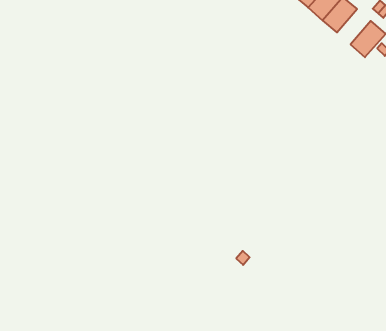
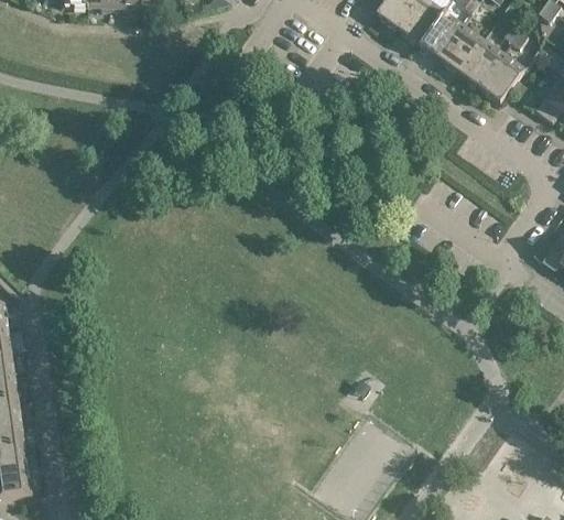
building: none -> [457,37,501,86]

